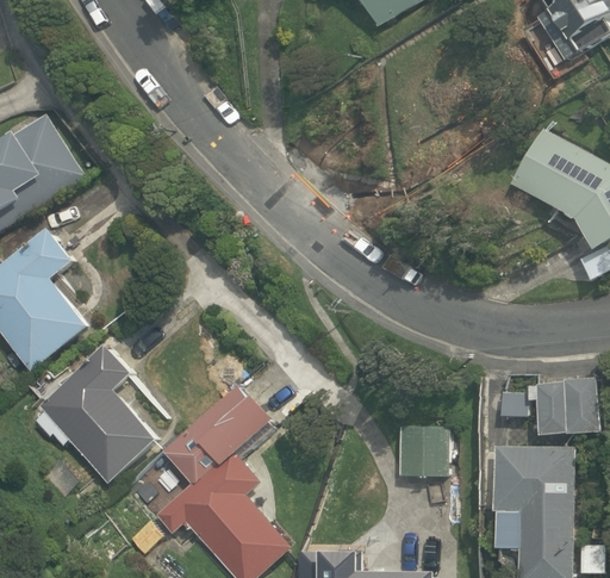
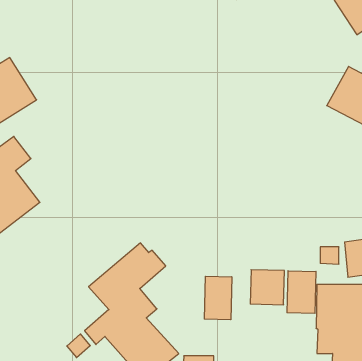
building: [36,344,158,483] -> none
building: none -> [287,271,316,313]
building: none -> [204,276,232,320]

